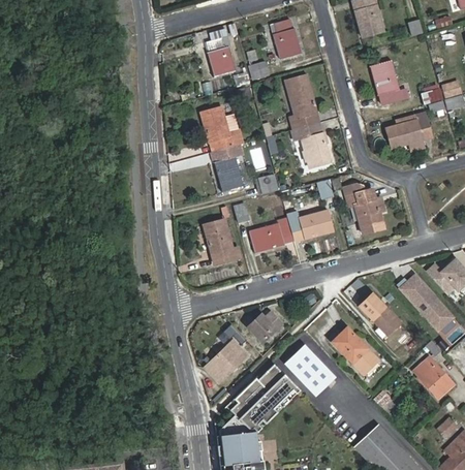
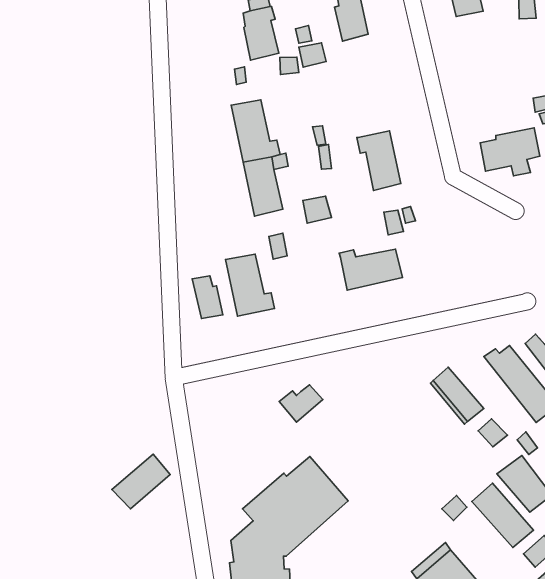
building: [372,59,402,103] -> none
building: [284,72,319,128] -> none
building: [346,188,385,232] -> none
building: [250,217,295,251] -> none
building: none -> [192,276,223,319]
building: [333,328,379,375] -> [472,483,534,547]
building: [205,341,247,382] -> [112,454,170,509]
building: [283,345,335,397] -> none

